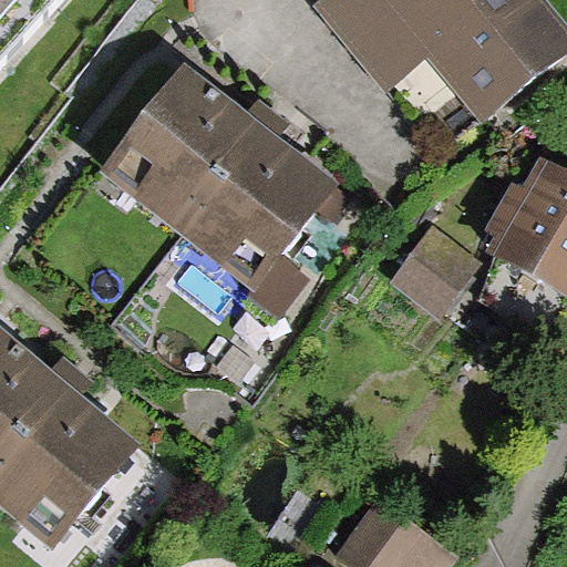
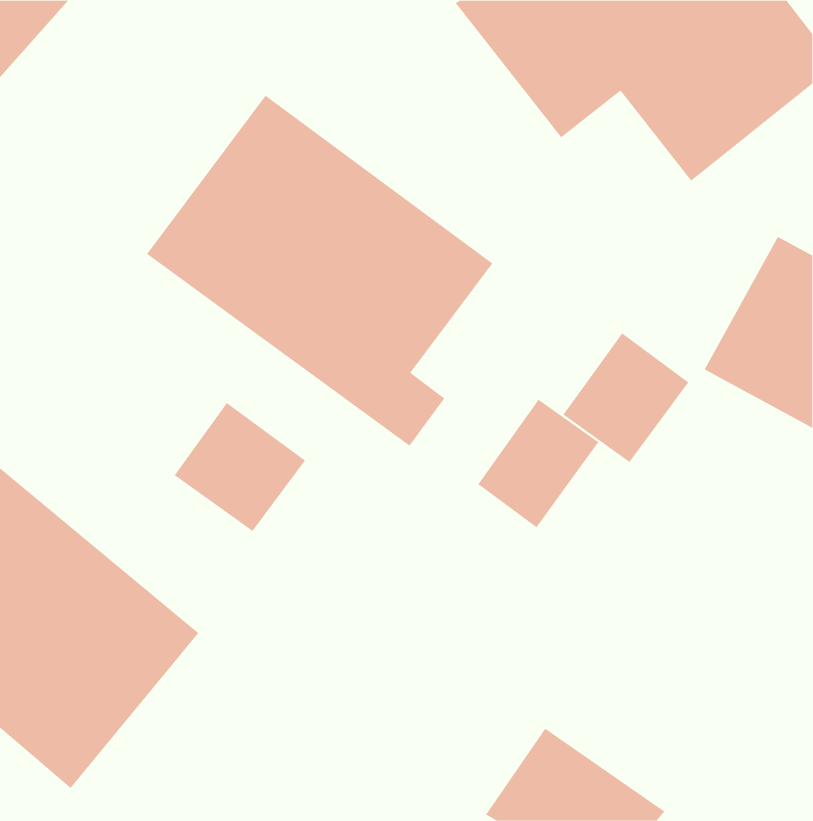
building: none -> [477,399,599,528]
building: none -> [174,402,306,532]

